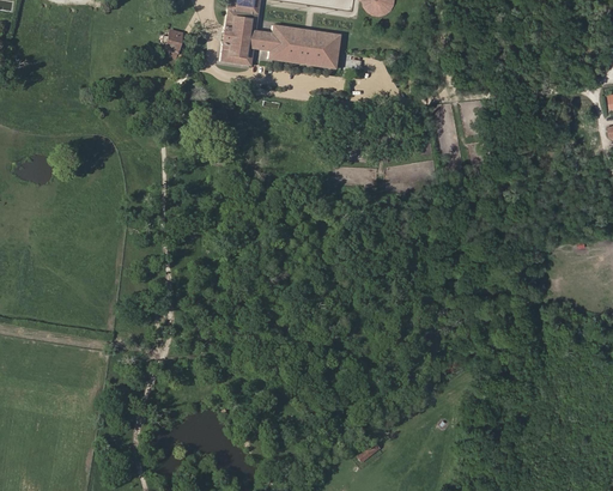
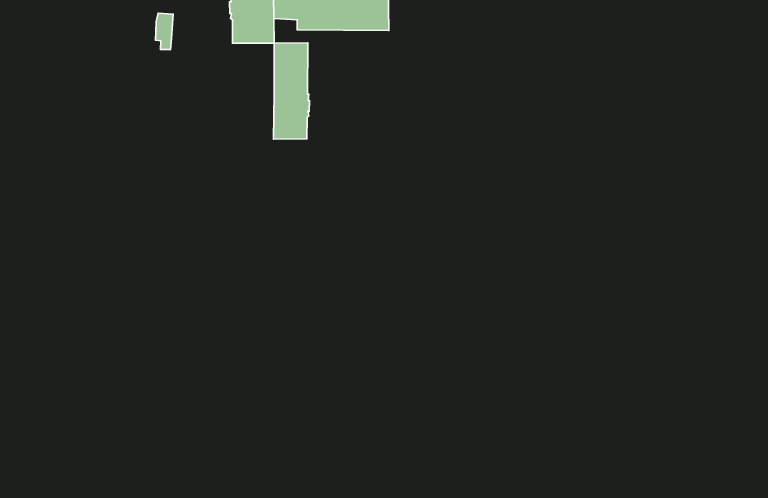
building: none -> [274,43,309,139]

